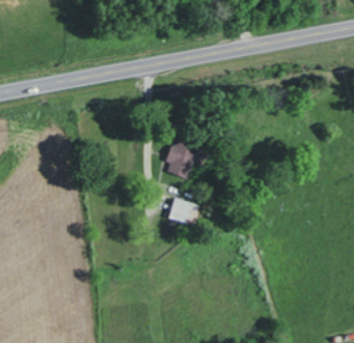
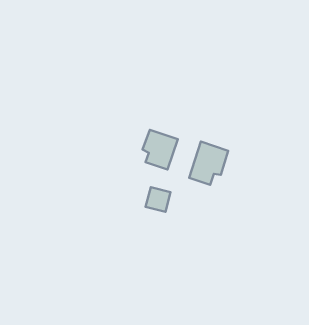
building: none -> [189,142,228,185]

